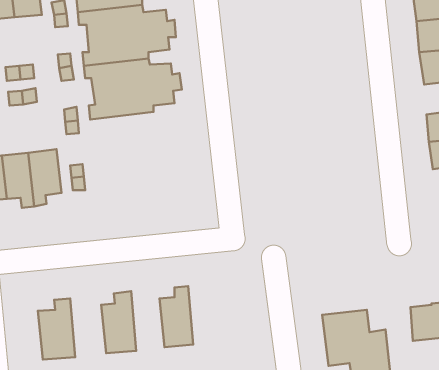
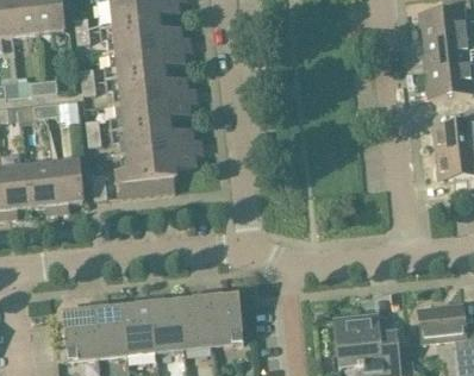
building: none -> [111,124,204,198]
building: none -> [205,288,243,346]
building: none -> [150,294,182,352]
building: none -> [92,300,126,358]

